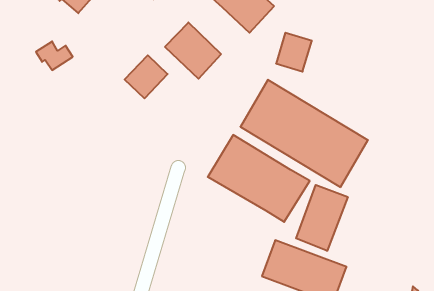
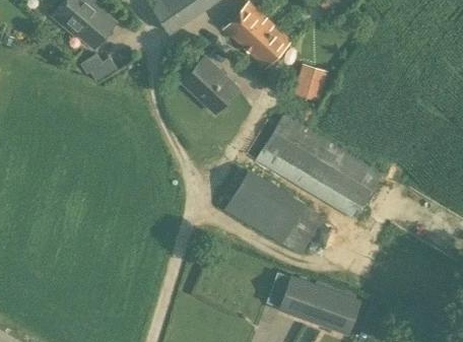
building: [36,41,73,70] -> [81,53,118,81]
building: [125,55,168,98] -> none
building: [296,185,348,251] -> none

